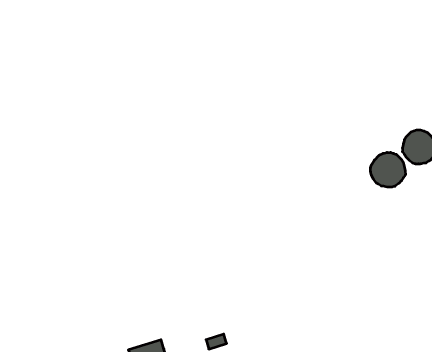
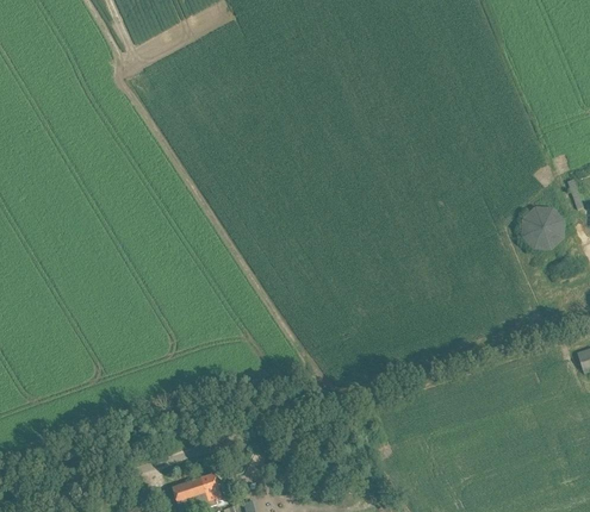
building: [371,152,405,187] -> none

